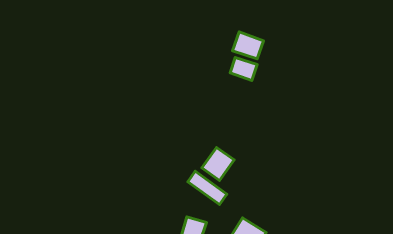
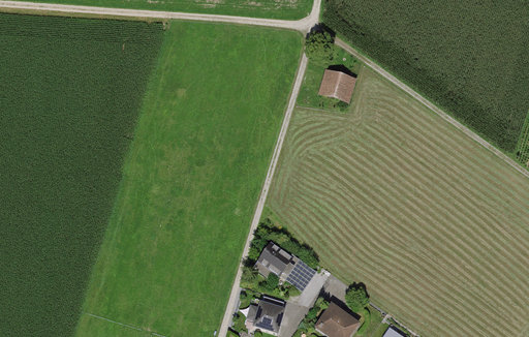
building: [230,58,257,80] -> none
building: [202,147,234,180] -> none

